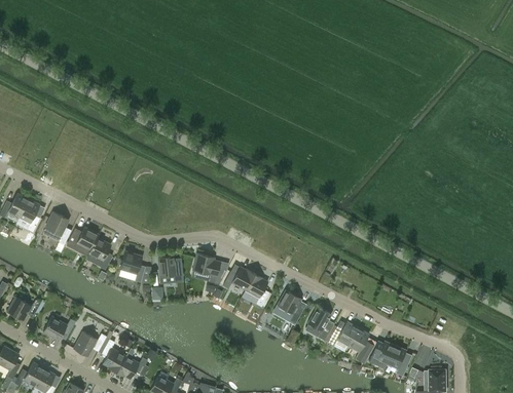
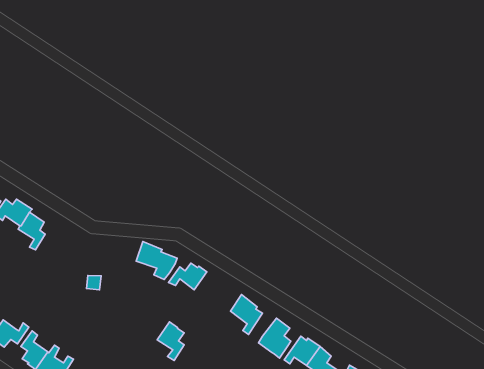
building: [120,252,145,282] -> none
building: [158,257,183,282] -> none
building: [245,274,268,307] -> [157,322,184,361]

